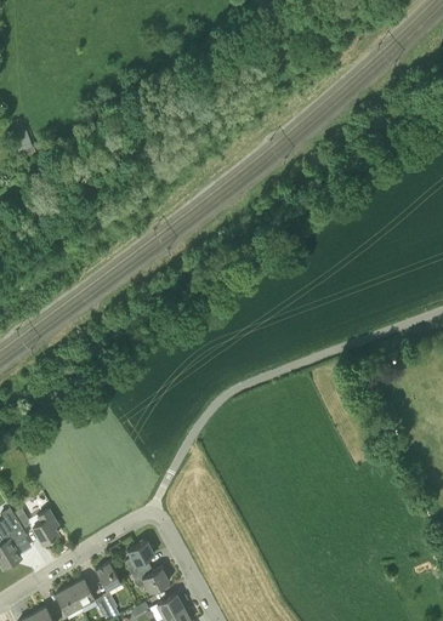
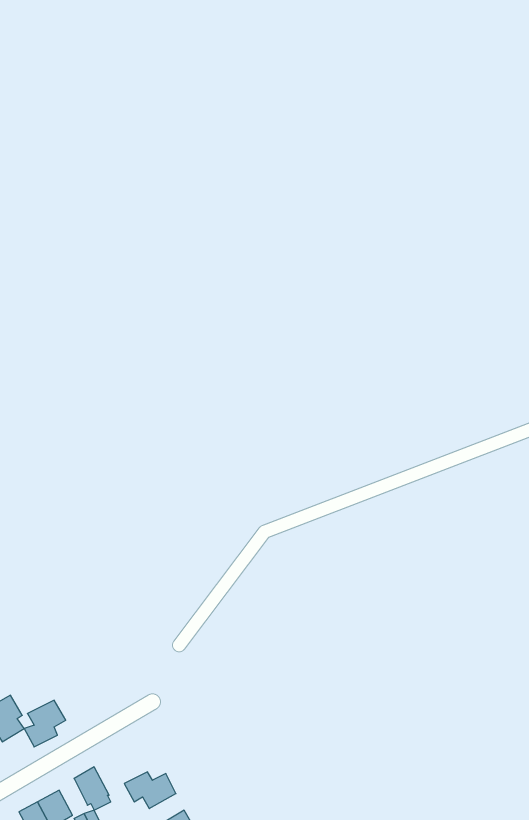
building: [124,540,154,574] -> [24,700,66,747]

